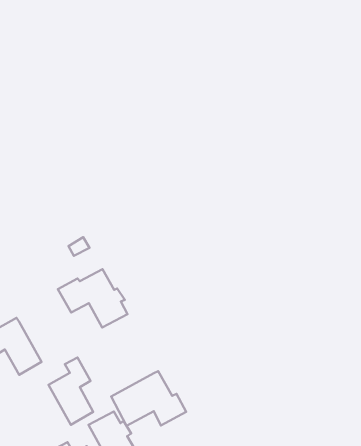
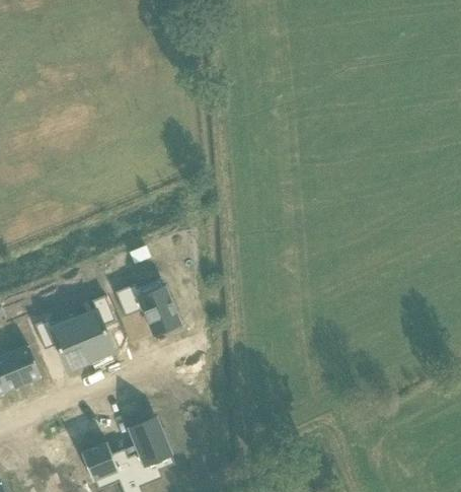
building: [48,357,93,425] -> [73,295,114,360]
building: [111,371,186,426] -> none

